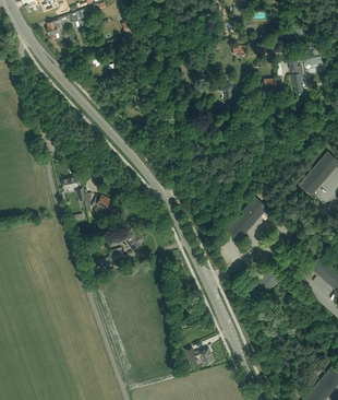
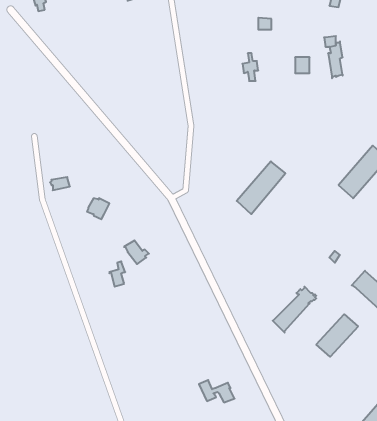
building: [227,198,267,242] -> [237,161,285,214]
building: none -> [316,314,358,357]

